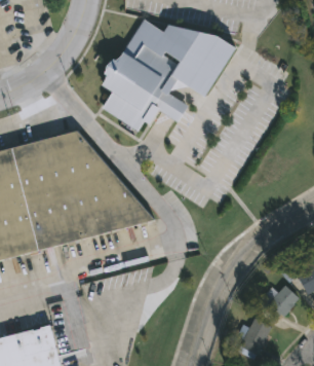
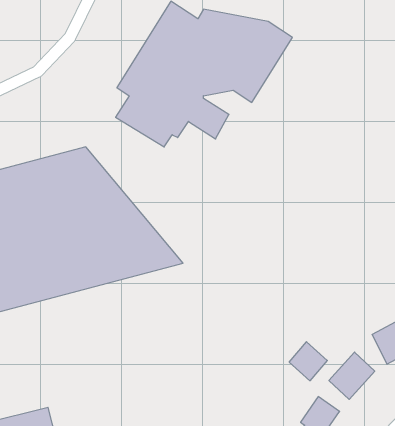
building: none -> [289,342,327,381]

